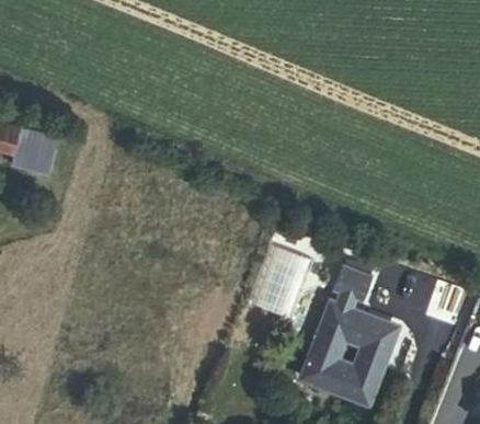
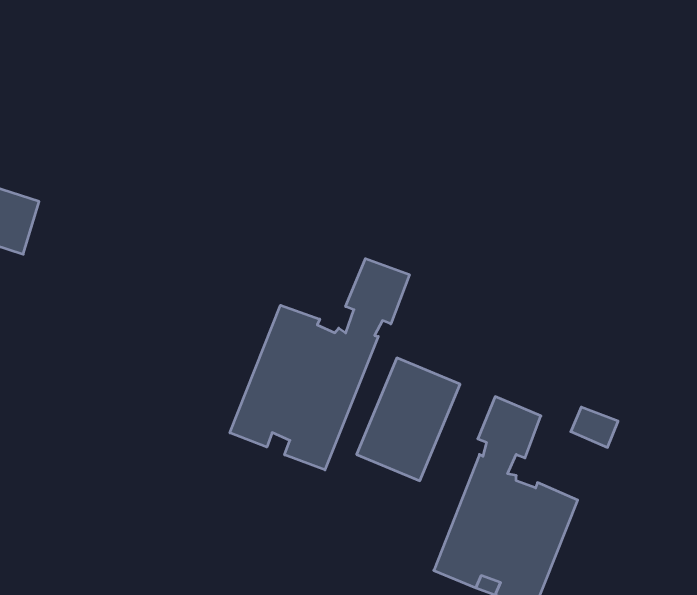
building: none -> [230,259,409,470]

